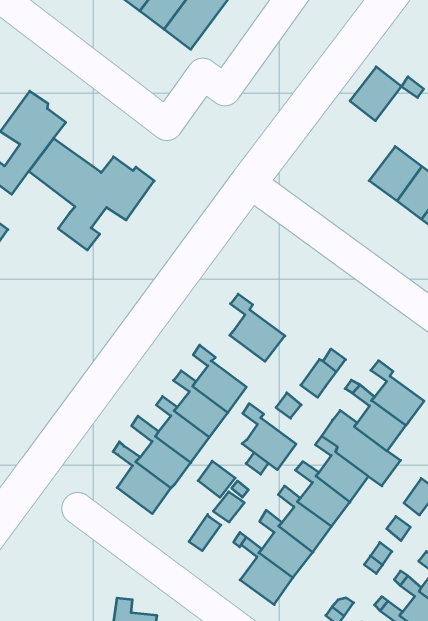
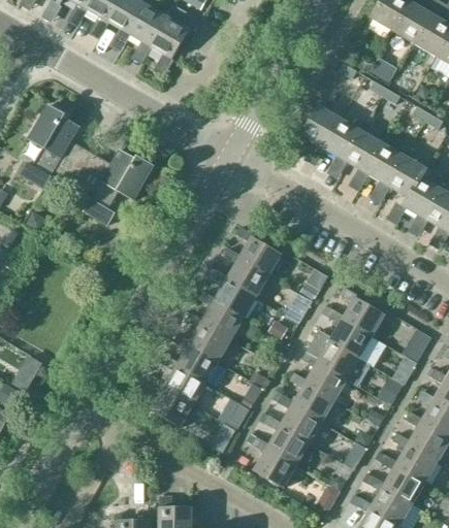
building: [350,67,402,121] -> [300,104,340,146]
building: none -> [236,226,282,275]
building: [242,404,296,470] -> [212,269,256,319]

